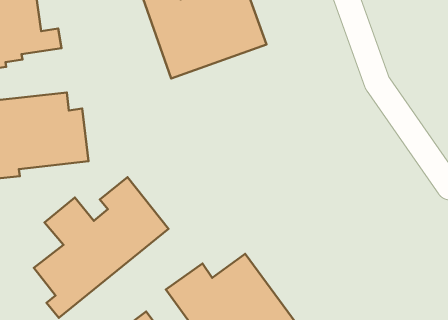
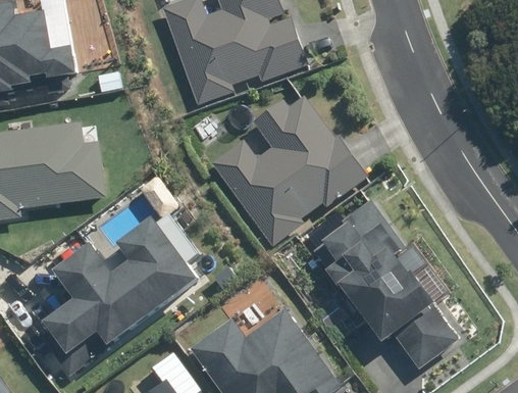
building: none -> [211,97,368,246]
building: none -> [322,198,458,371]

